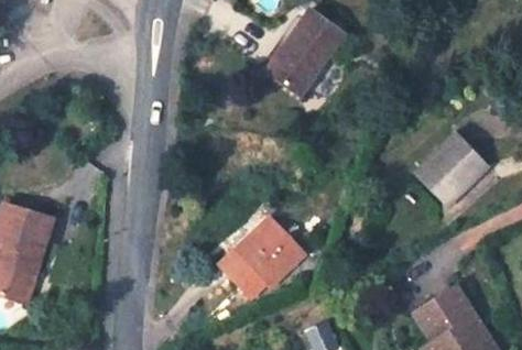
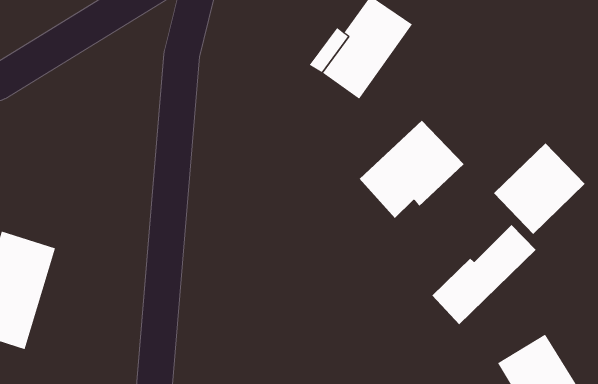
building: none -> [432,224,536,325]
building: [219,216,306,297] -> [359,120,464,219]

